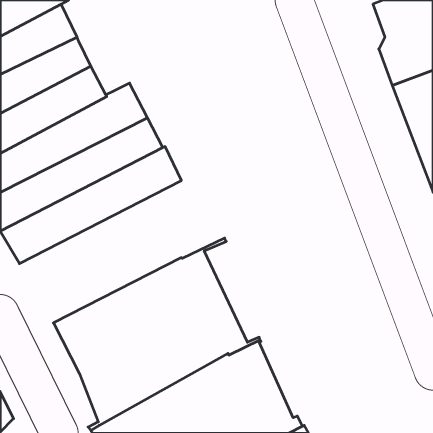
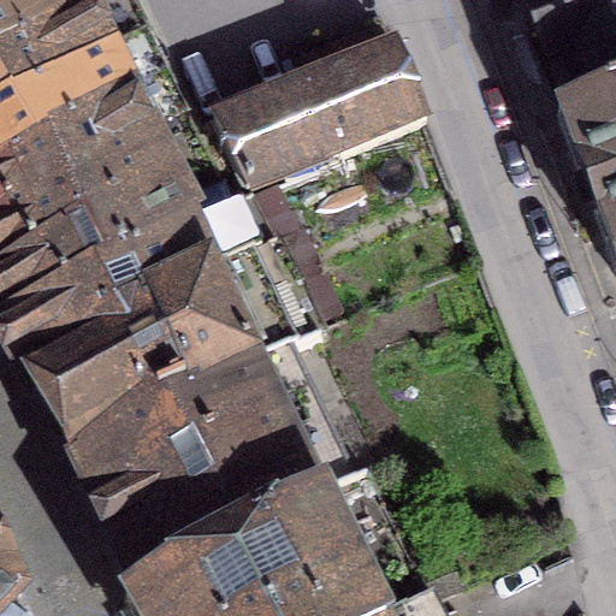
building: none -> [209,52,426,192]
building: none -> [28,244,325,458]

